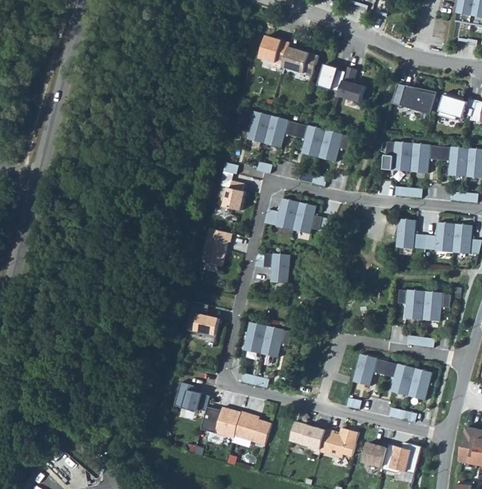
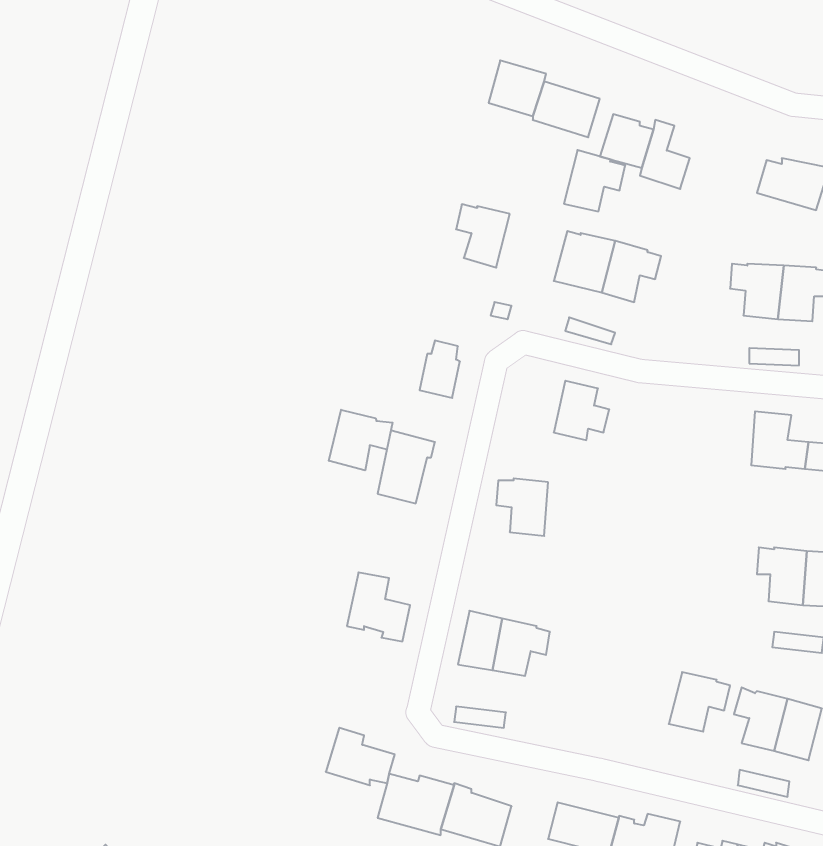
building: [263,115,295,147] -> [564,150,625,211]
building: [275,198,299,229] -> none
building: none -> [329,410,393,470]

